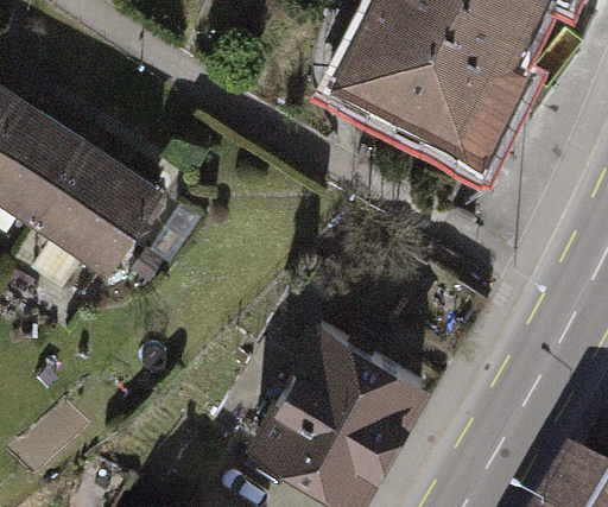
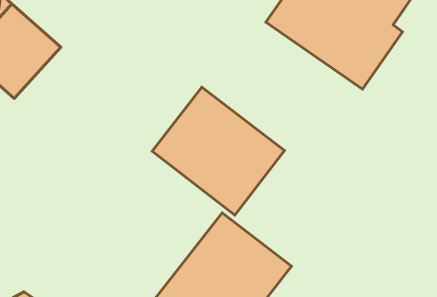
building: [37,147,158,267] -> none
building: none -> [152,87,284,215]

